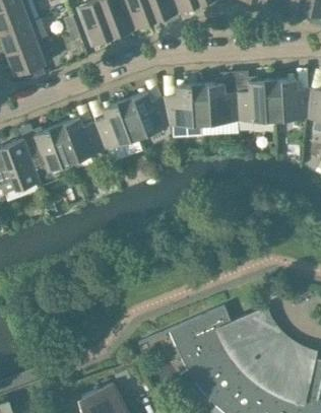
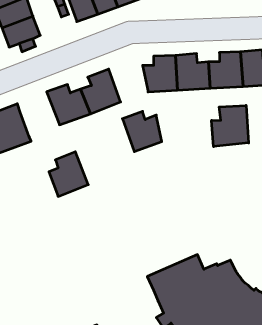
building: [125,92,169,137] -> [122,111,162,152]
building: [26,126,70,176] -> [49,152,88,196]
building: none -> [212,105,249,147]

